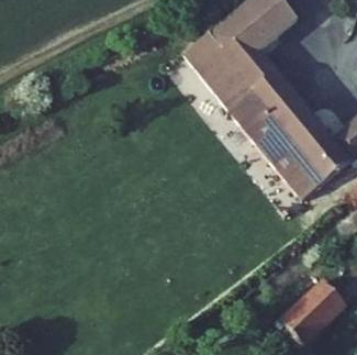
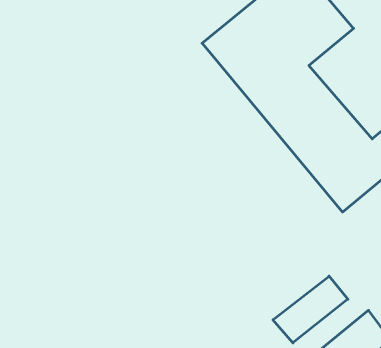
building: none -> [273,276,348,343]

